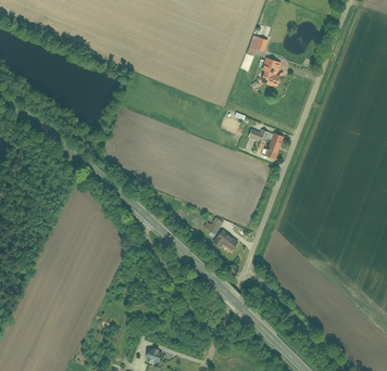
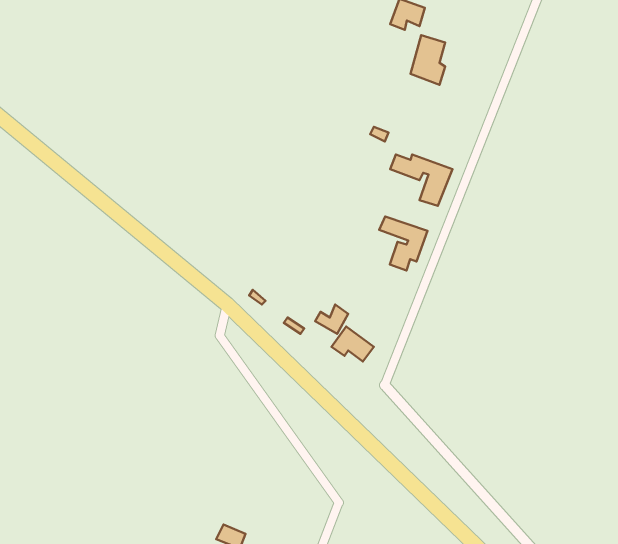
building: none -> [379,216,428,270]

